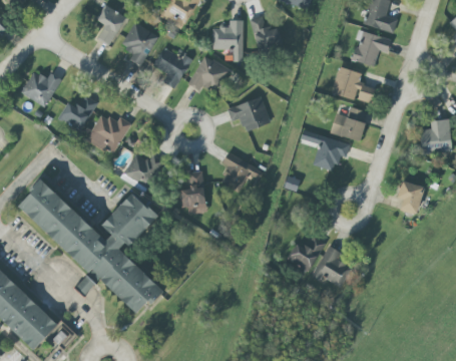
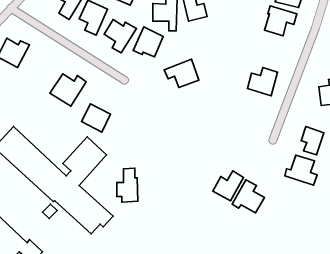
building: [331,67,376,103] -> none
building: [58,94,96,130] -> none
building: [300,129,350,170] -> none
building: [219,152,263,193] -> none
building: [180,171,206,214] -> [117,168,138,202]
building: none -> [285,155,317,185]

